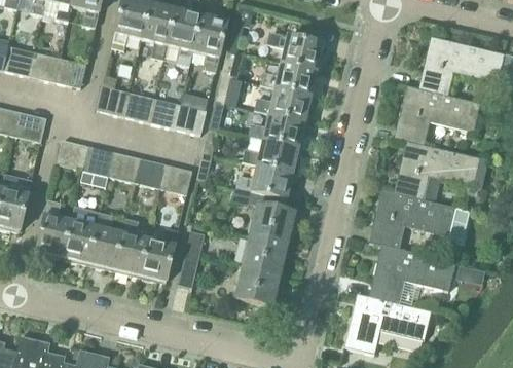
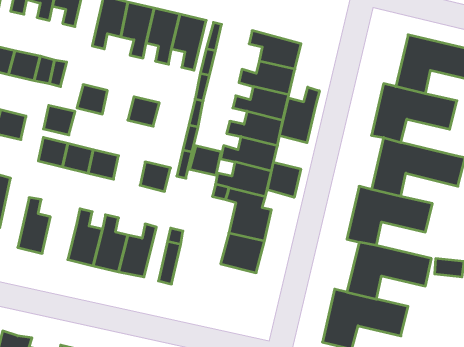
building: none -> [280,87,319,143]
building: [122,93,154,122] -> [43,105,75,135]
building: [174,105,206,135] -> [190,146,221,175]
building: [134,158,166,188] -> none
building: none -> [267,162,301,197]
building: [62,206,97,263] -> none
building: [234,267,278,306] -> none

